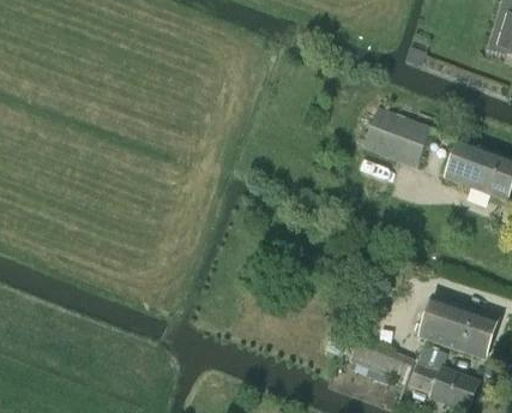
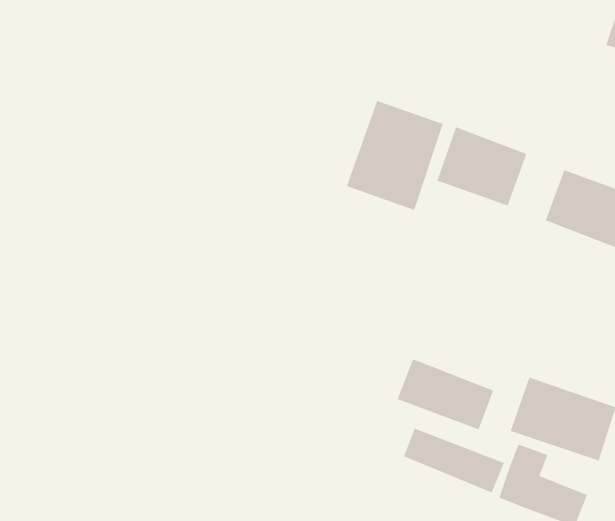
building: none -> [346,100,444,211]
building: none -> [397,359,494,430]

